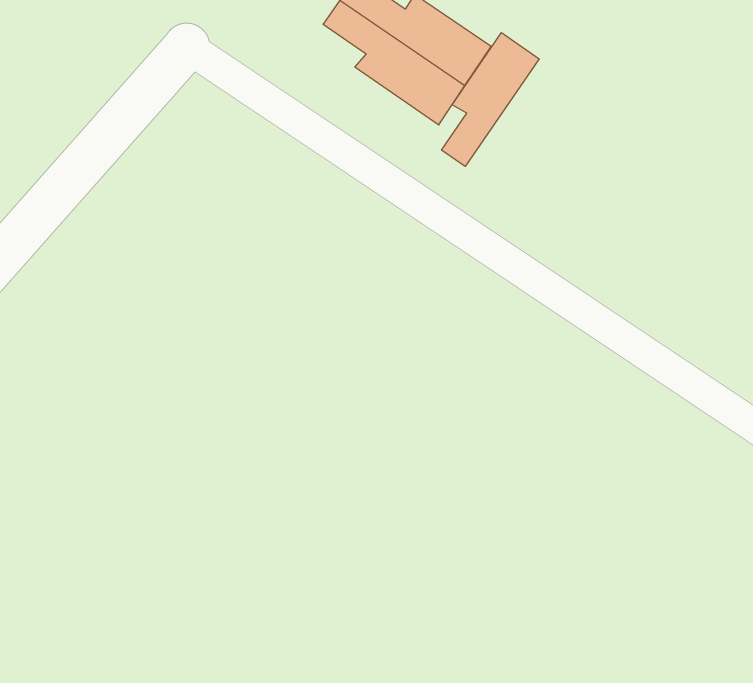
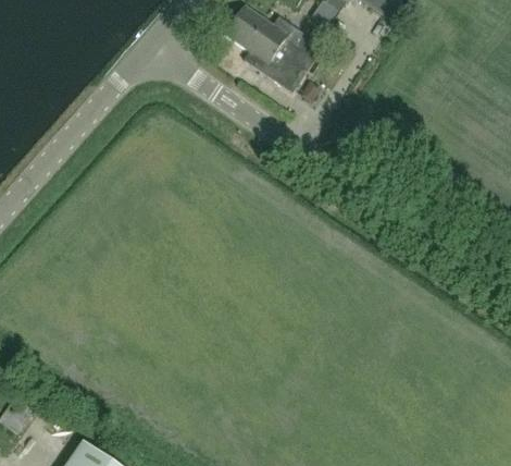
building: [442,33,539,166] -> none

